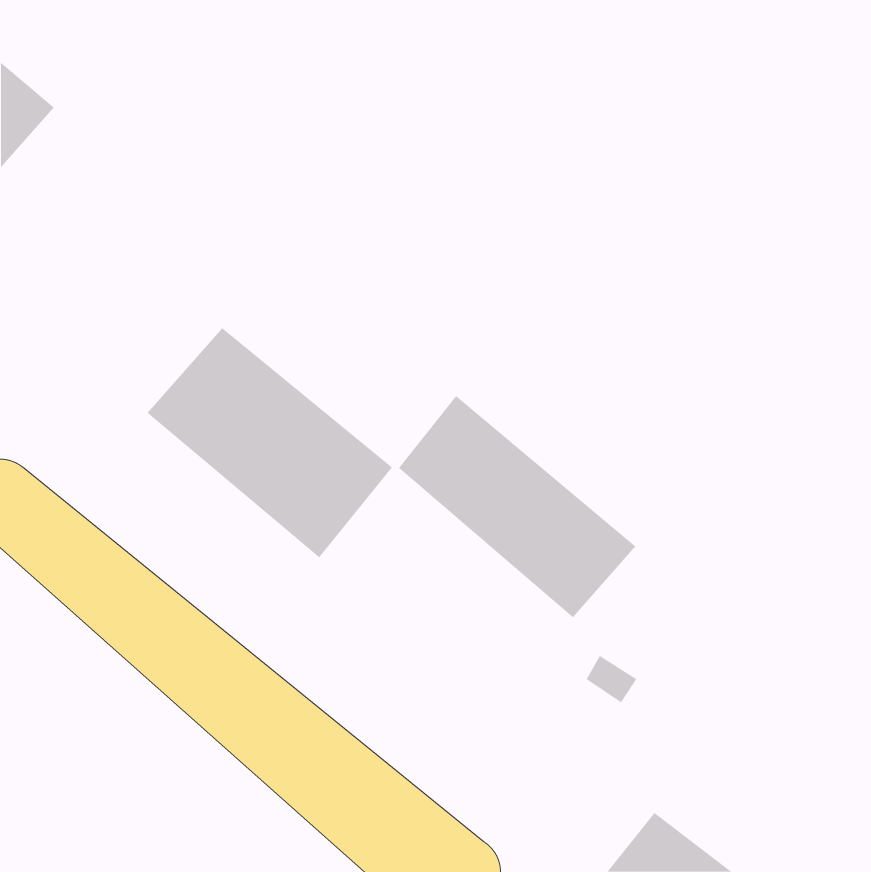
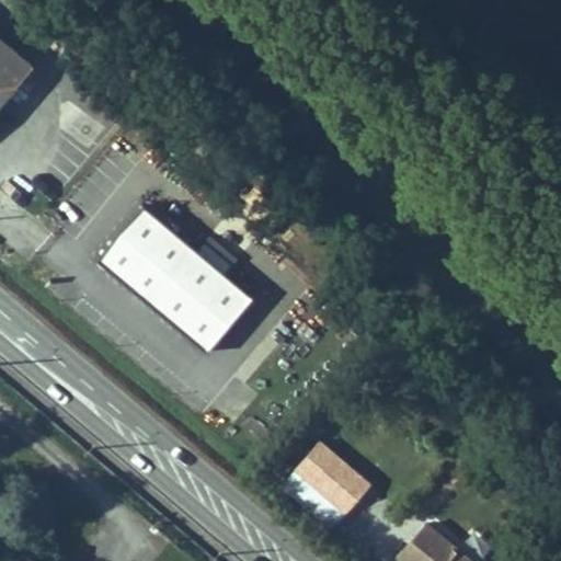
building: [398,395,636,618] -> none
building: none -> [293,434,371,511]

